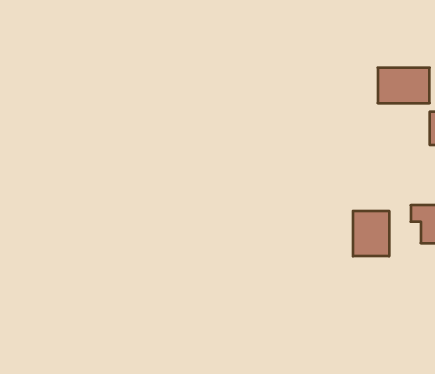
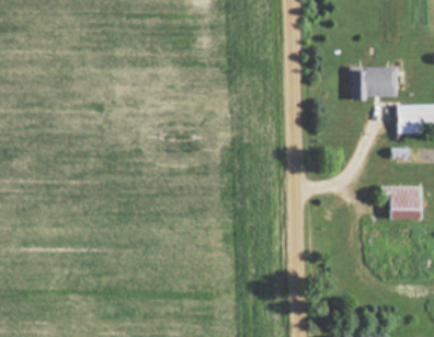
building: [353,211,389,256] -> none

